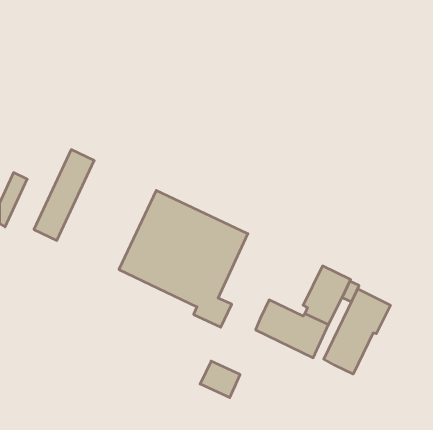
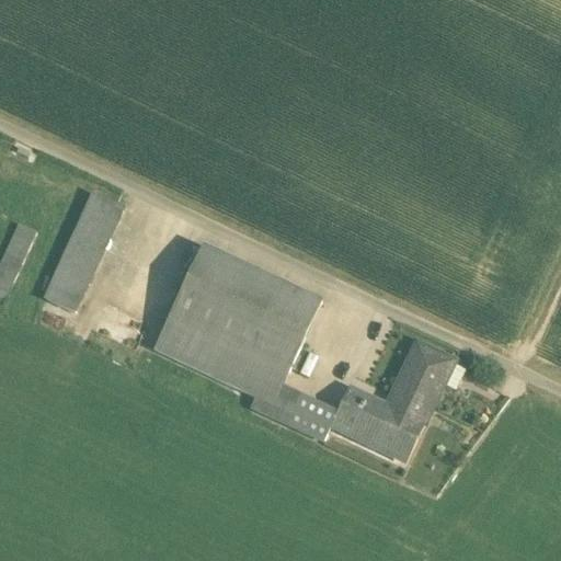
building: [324,289,390,374] -> none
building: [200,361,240,398] -> [285,392,336,439]

